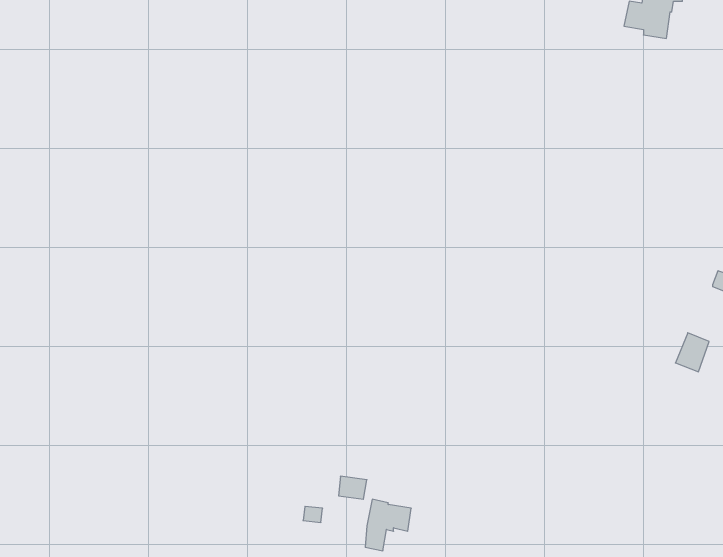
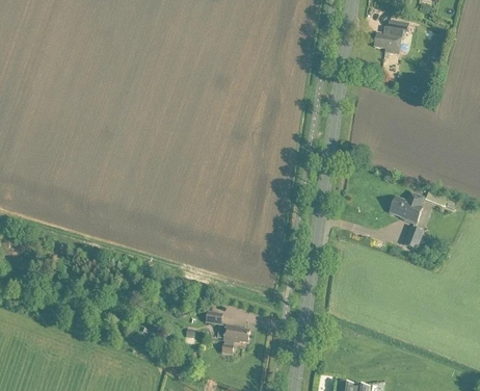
building: none -> [389,191,422,224]

